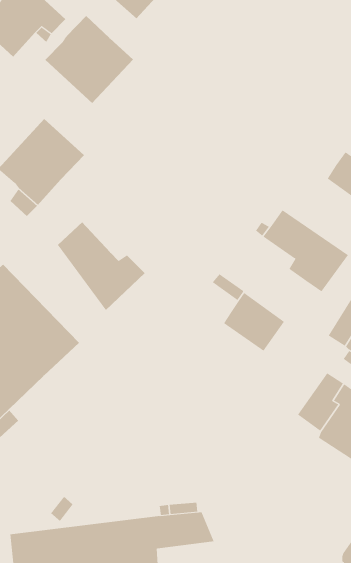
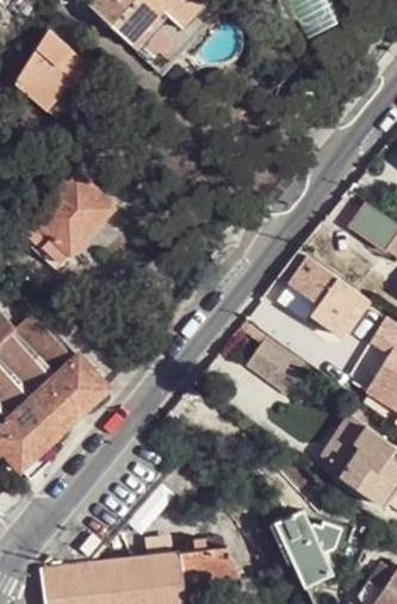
building: [44,15,134,104] -> none
building: [57,222,145,311] -> none
building: none -> [274,510,334,589]

